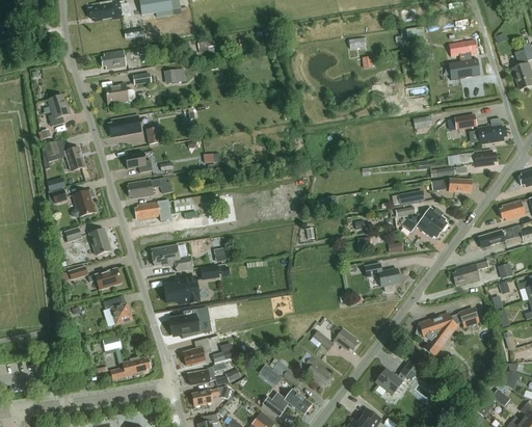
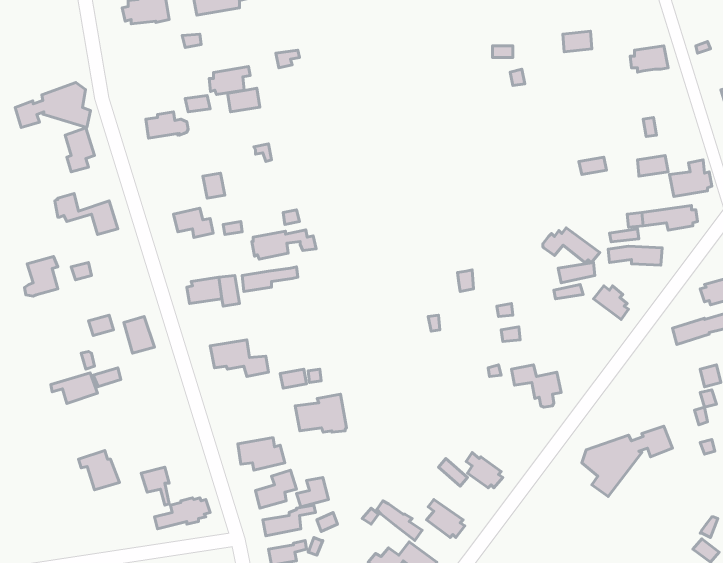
building: [101,49,130,69] -> [209,67,250,94]
building: [448,53,479,79] -> none
building: none -> [15,83,91,128]
building: [109,115,141,136] -> none
building: [127,178,172,198] -> [252,230,316,259]
building: [71,189,95,217] -> [24,257,58,296]
building: [402,213,443,238] -> [543,228,600,263]
building: [452,261,489,286] -> none
building: [88,268,122,290] -> [51,373,98,403]
building: [163,276,200,303] -> [295,394,347,432]
building: [104,296,133,324] -> [78,450,119,490]
building: [375,359,420,395] -> none

